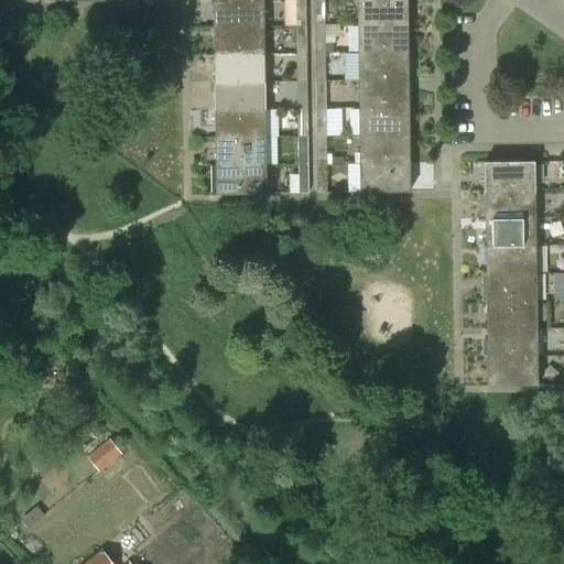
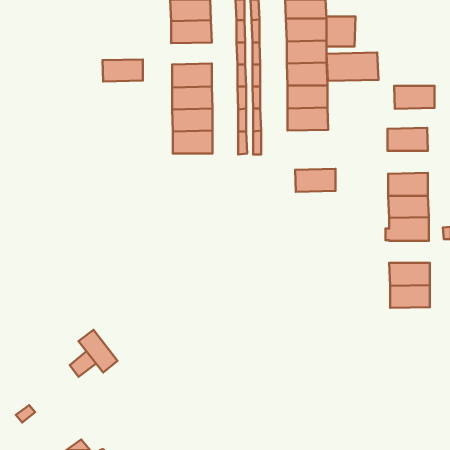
building: none -> [326,17,355,46]
building: [215,53,265,80] -> [102,59,143,82]
building: none -> [326,53,379,81]
building: [360,162,411,191] -> [295,169,336,192]
building: [485,188,535,217] -> [394,86,435,109]
building: [487,301,538,328] -> none
building: none -> [79,330,118,373]

